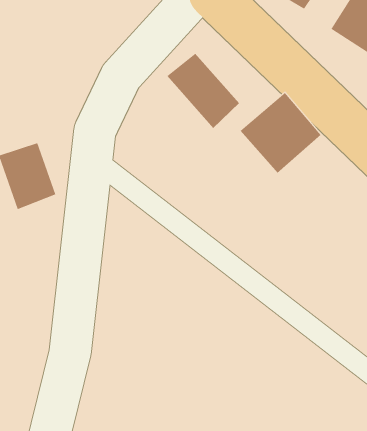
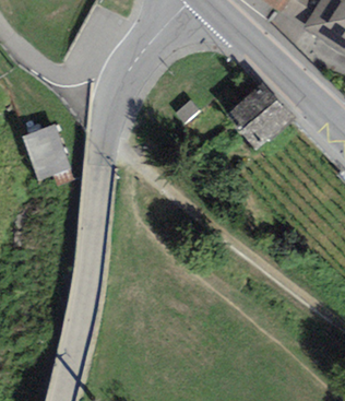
building: [166,53,240,129] -> none

